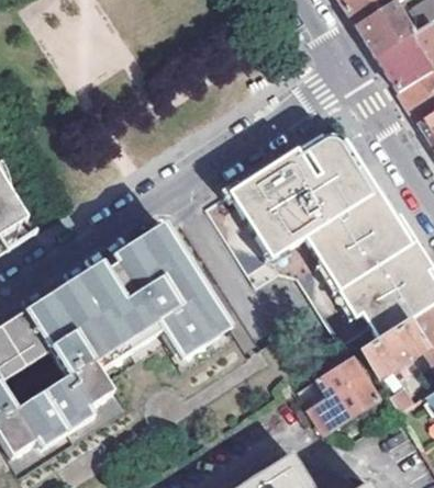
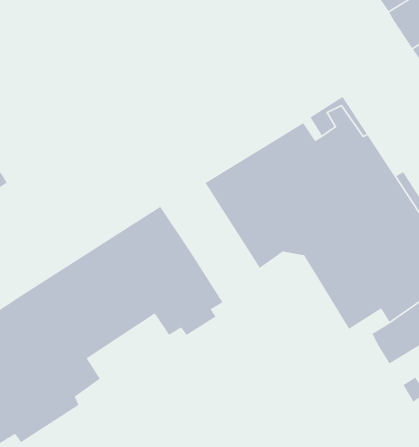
building: [308,349,376,432] -> none

